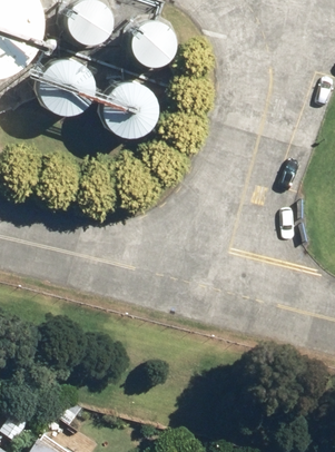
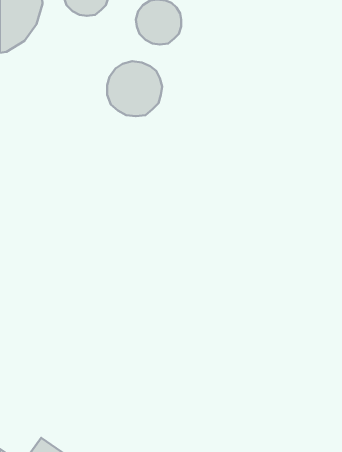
building: [38,67,89,118] -> none

